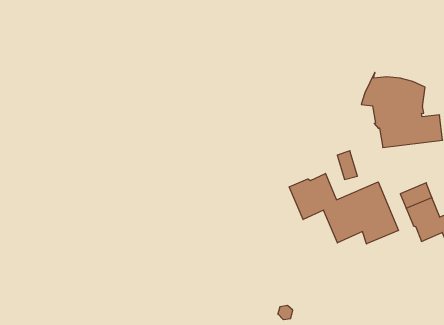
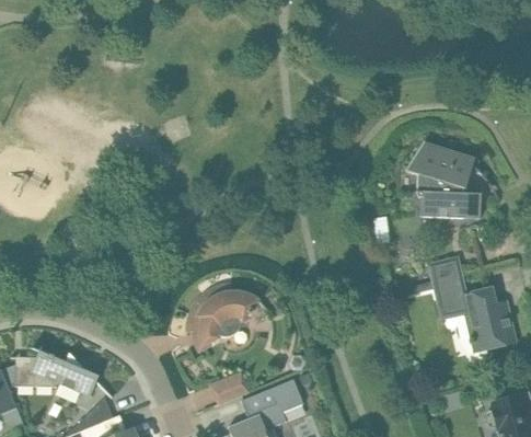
building: [289,173,399,244] -> none
building: none -> [187,292,267,348]

